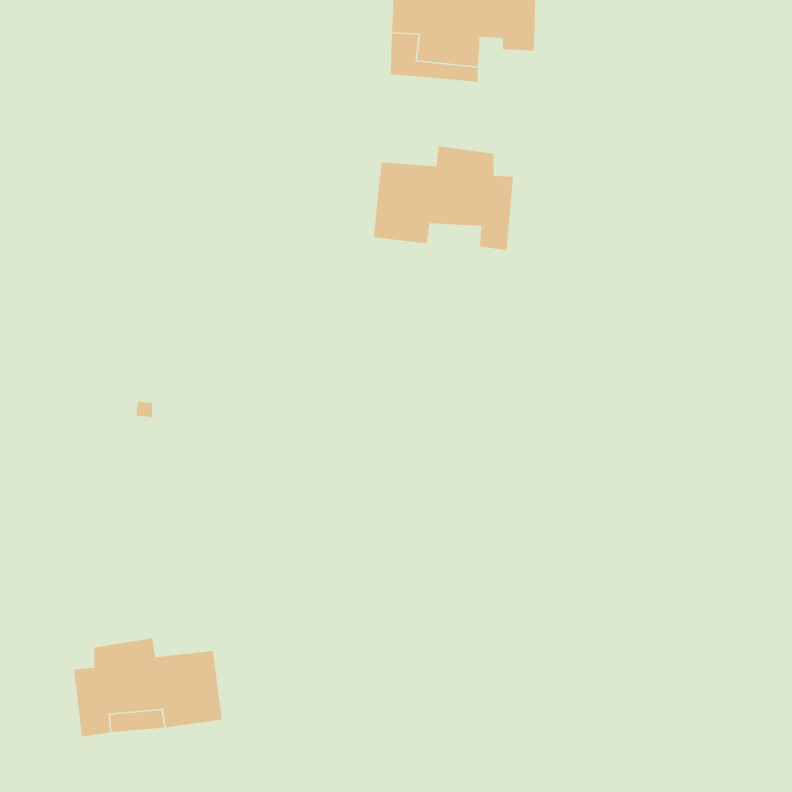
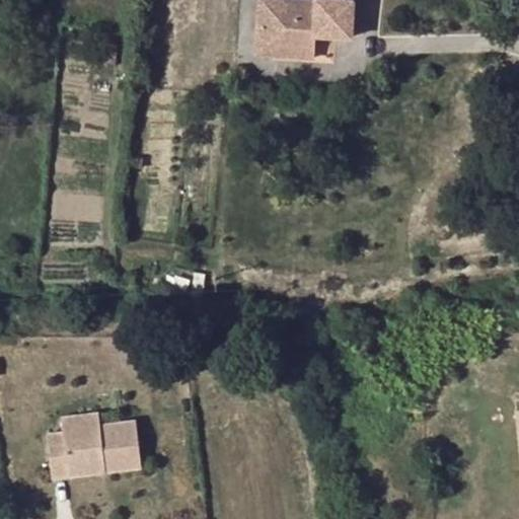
building: [373,145,514,251] -> none

